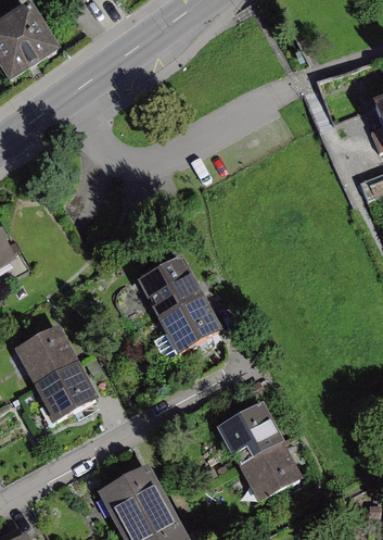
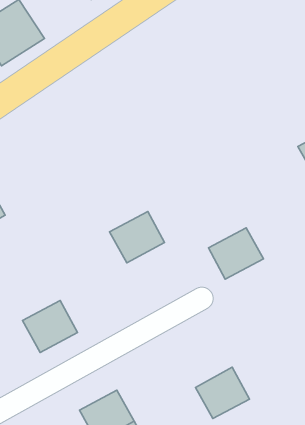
building: [156,291,221,352] -> [209,228,264,279]
building: [12,323,77,384] -> none
building: [215,401,281,463] -> none

